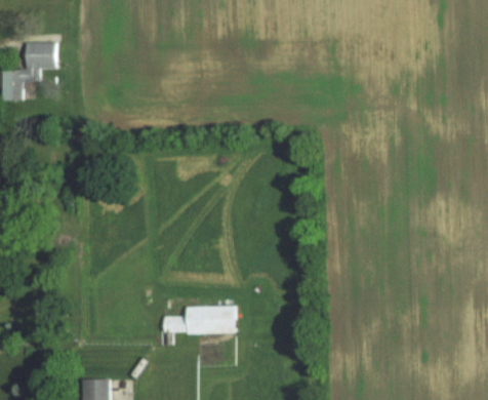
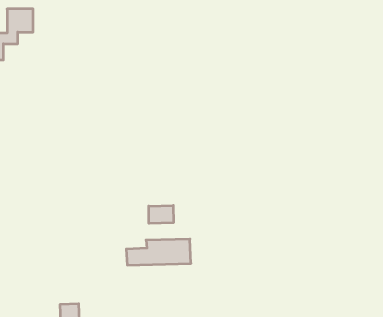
building: none -> [149,205,173,223]

